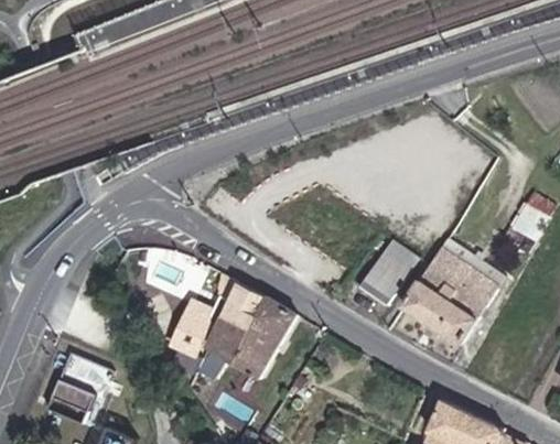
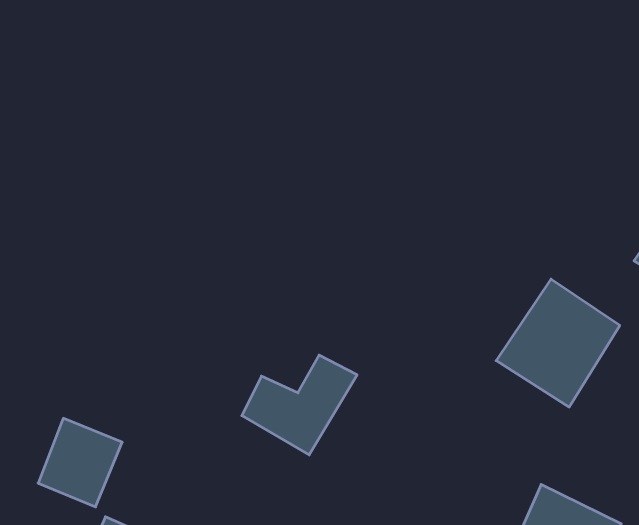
building: [357,240,417,305] -> none
building: [219,284,265,331] -> none
building: [170,303,211,359] -> none

